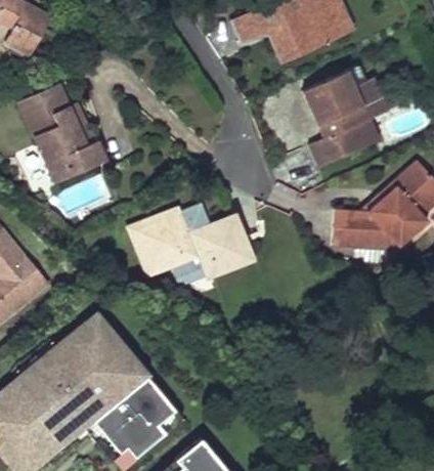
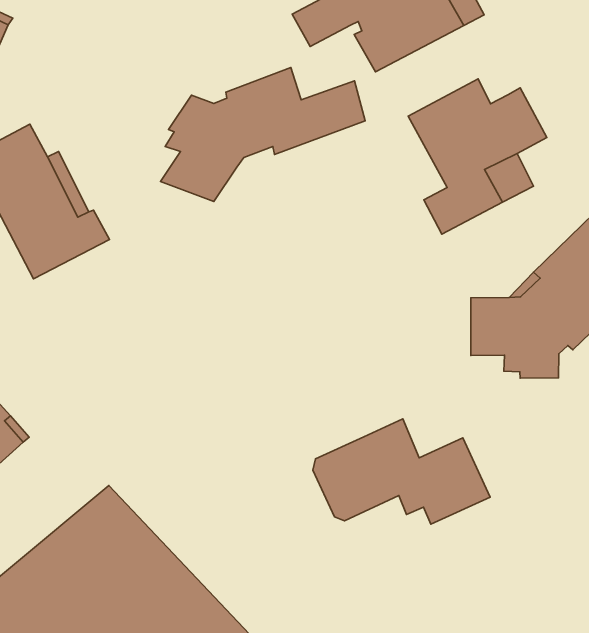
building: none -> [161,67,365,202]
building: [137,205,250,273] -> [313,419,490,524]

